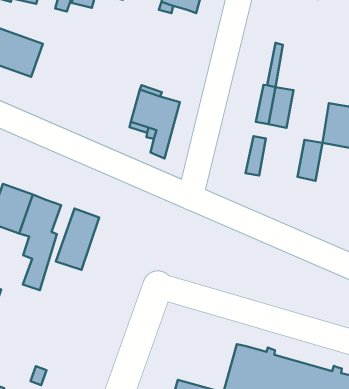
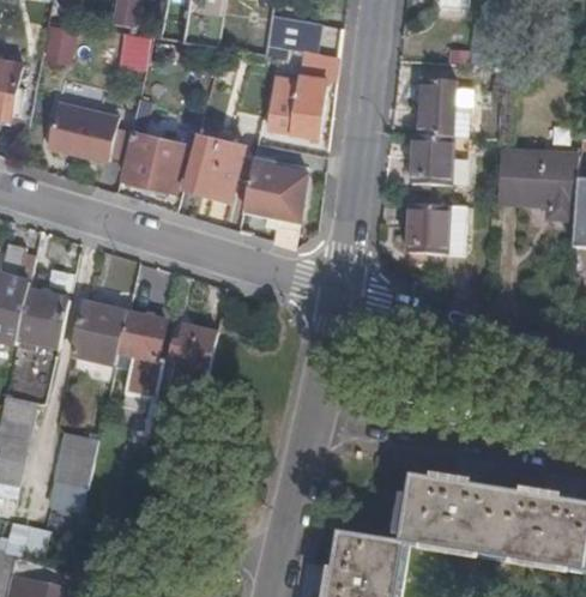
building: none -> [267,49,338,133]
building: none -> [428,80,457,138]
building: none -> [120,116,186,188]
building: none -> [183,131,243,194]
building: [298,140,323,181] -> [419,205,447,257]

